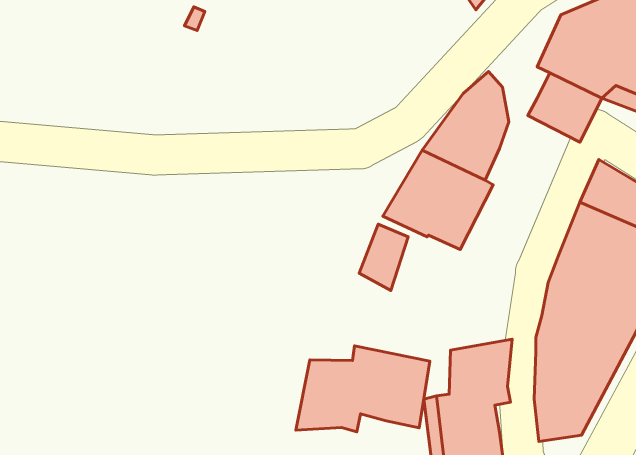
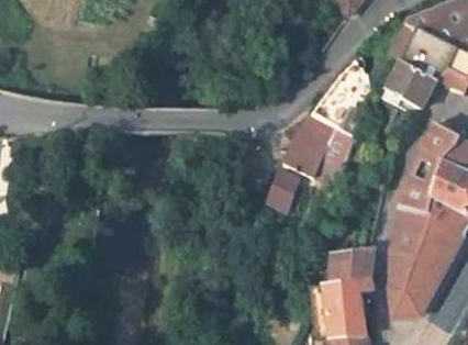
building: [296,346,430,432] -> none

